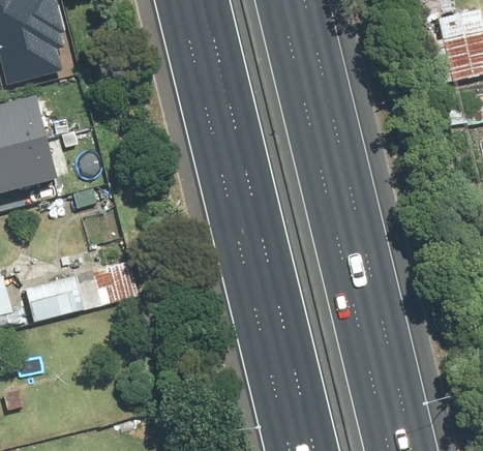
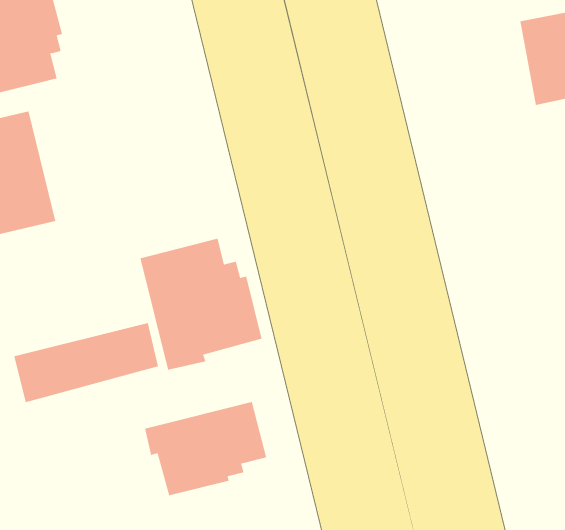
building: none -> [140,238,262,370]
building: none -> [145,401,267,496]

